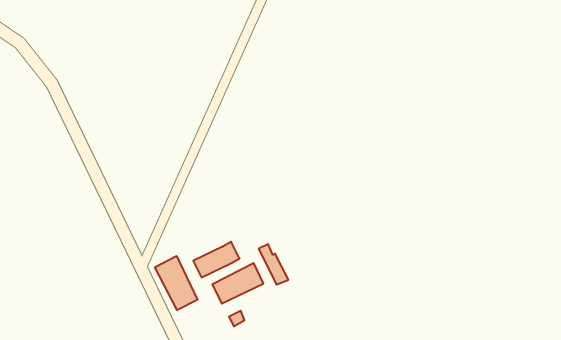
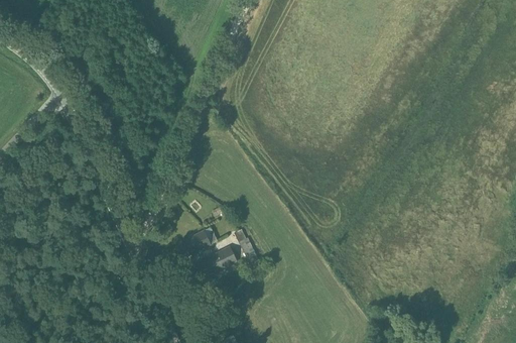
building: [155,256,198,310] -> none

